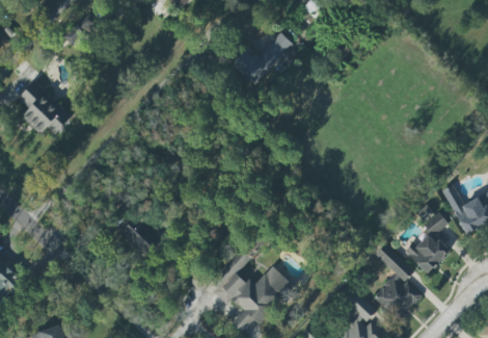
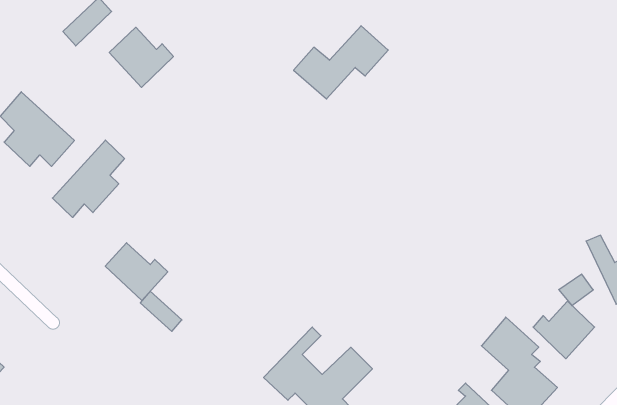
building: none -> [109,27,173,87]
building: none -> [52,140,124,217]
building: none -> [105,243,168,301]

